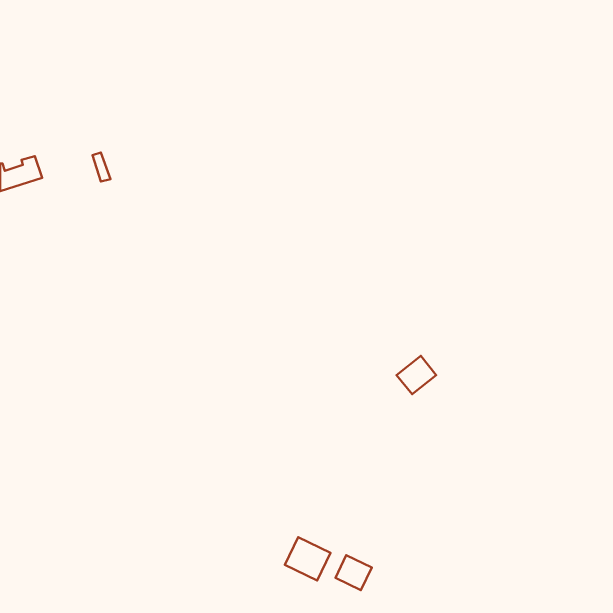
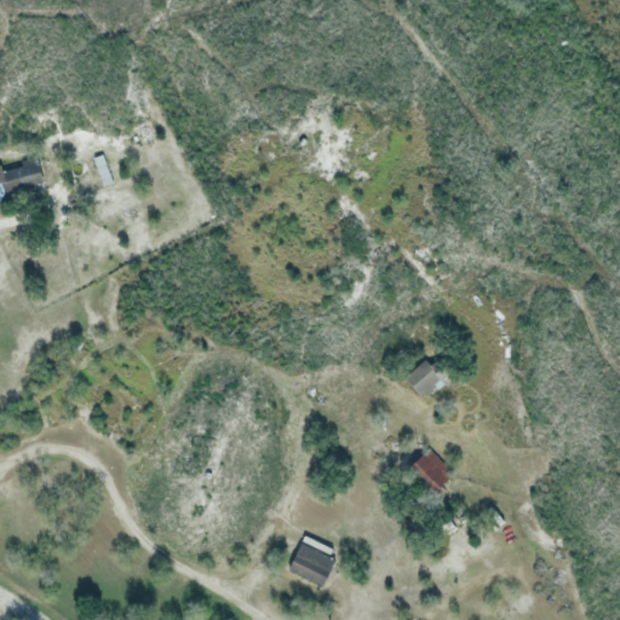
building: none -> [415,449,457,490]
building: [335,555,372,590] -> none

